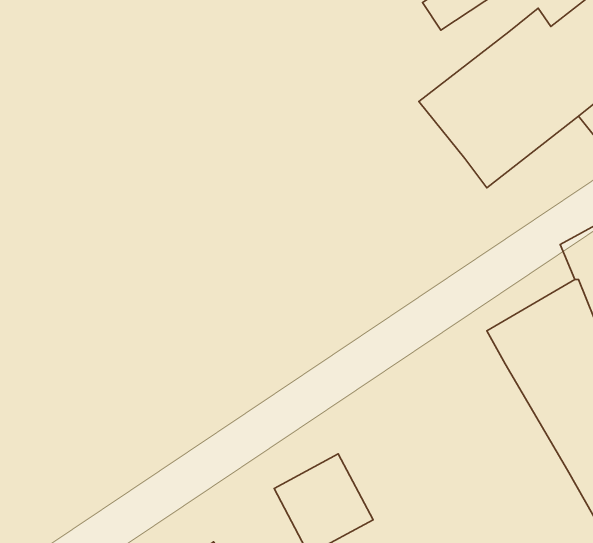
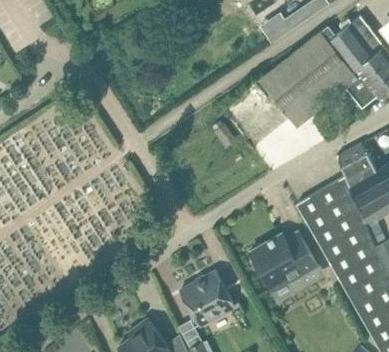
building: none -> [250,232,318,292]

